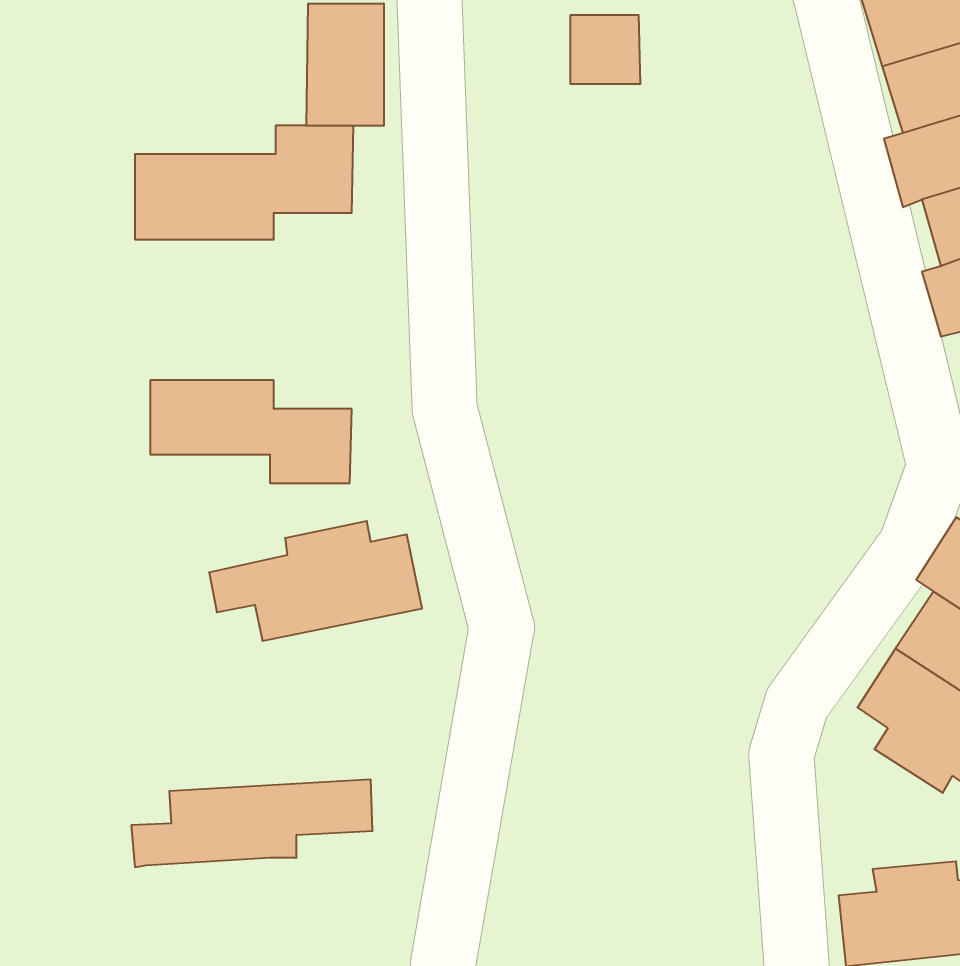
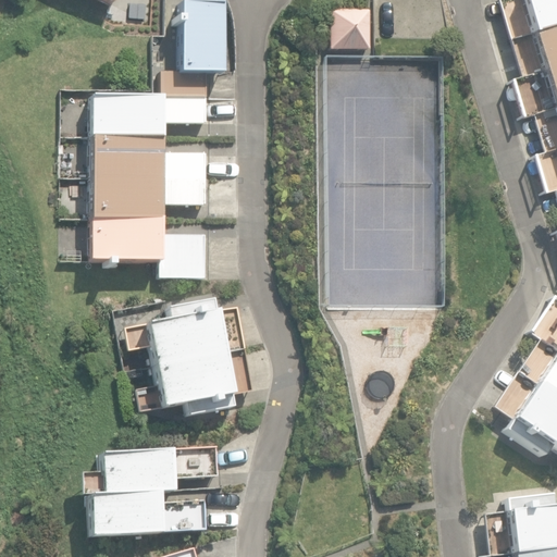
building: none -> [84,137,208,218]
building: none -> [137,348,256,416]
building: none -> [90,491,209,536]

